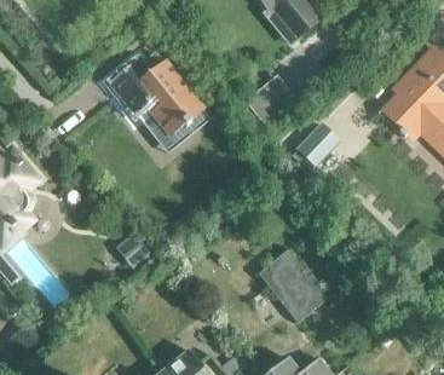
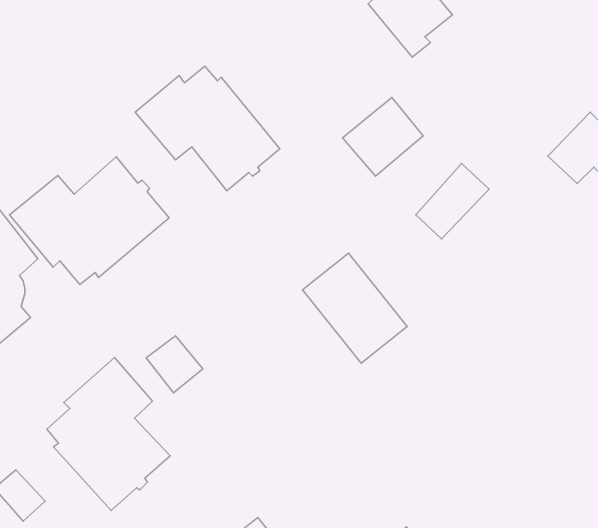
building: none -> [9,157,169,285]
building: none -> [47,357,170,510]
building: [259,248,328,321] -> [303,253,407,363]

